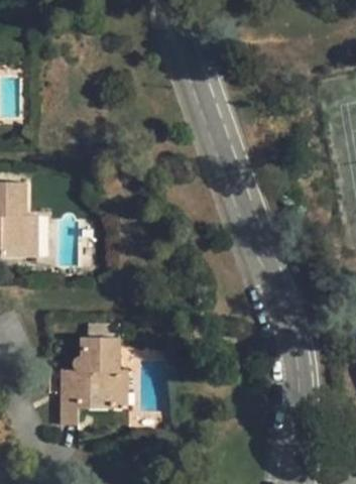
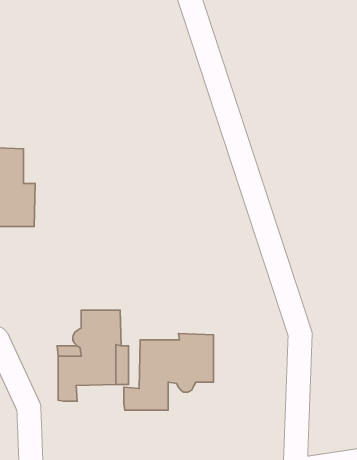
building: none -> [124,333,214,410]

